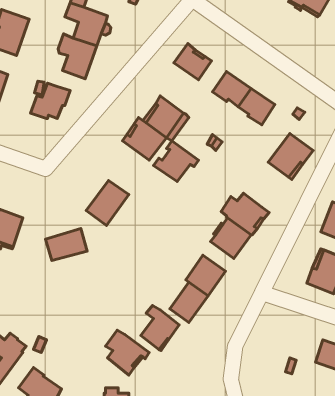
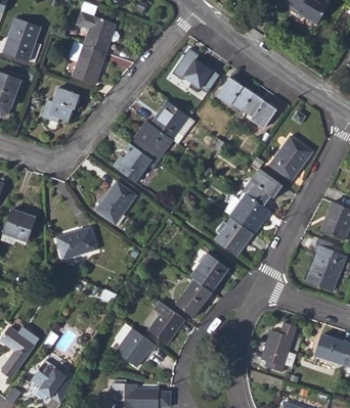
building: [154,141,199,182] -> [113,143,156,182]
building: none -> [243,169,281,207]
building: none -> [260,321,296,372]

